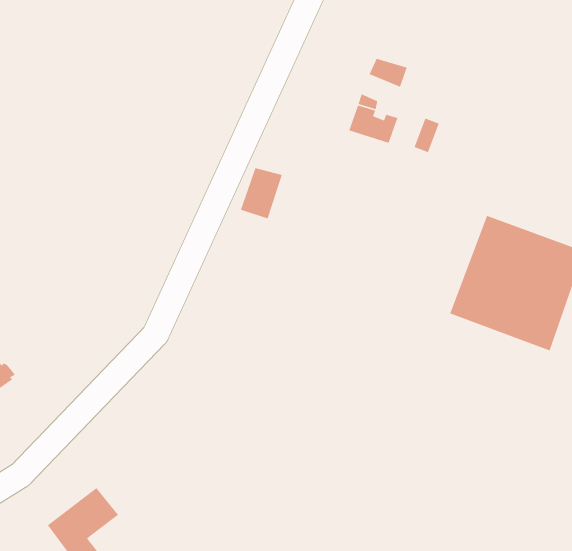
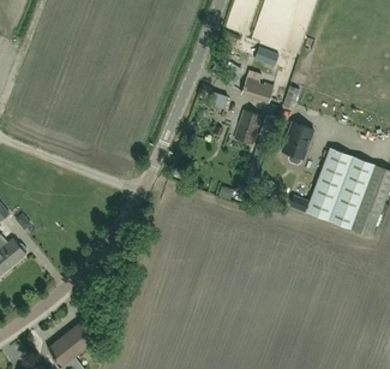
building: [240,167,283,220] -> [235,109,263,143]
building: none -> [283,121,314,162]

